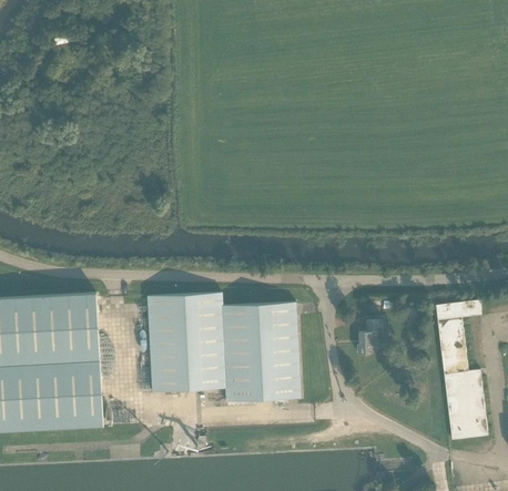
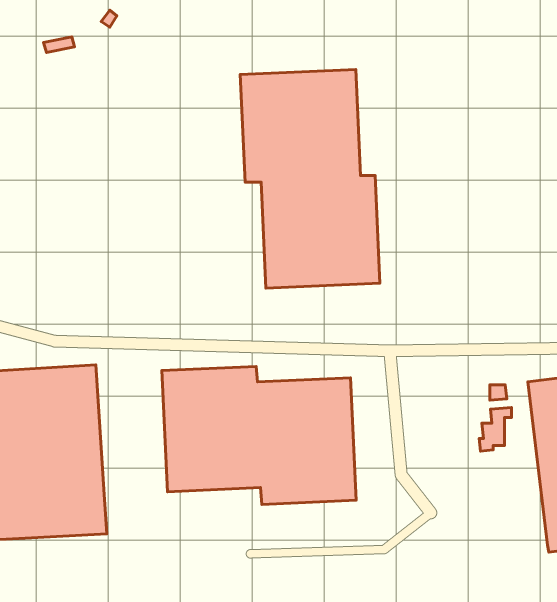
building: none -> [240,70,380,288]
building: [357,320,383,355] -> [479,408,512,451]

